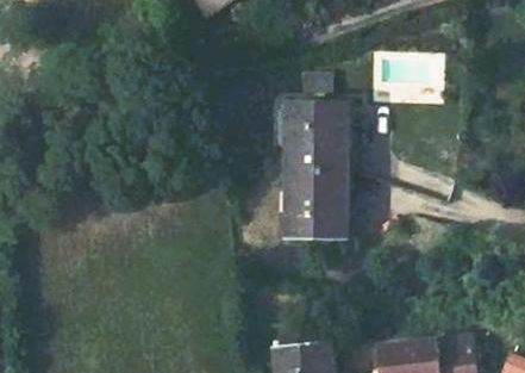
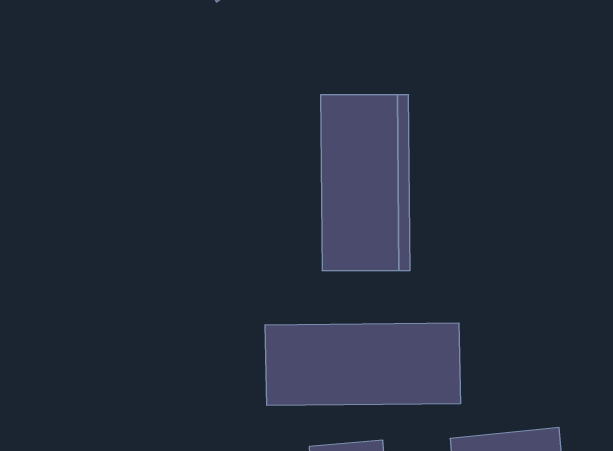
building: none -> [265,323,460,405]

